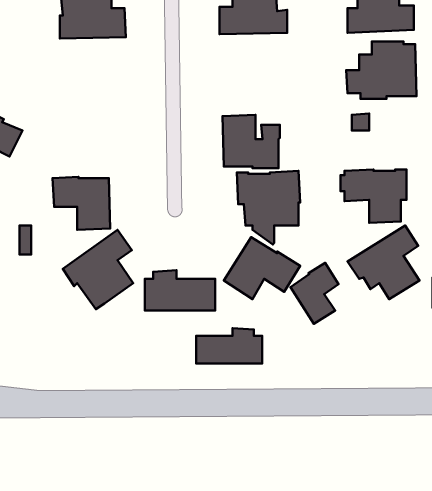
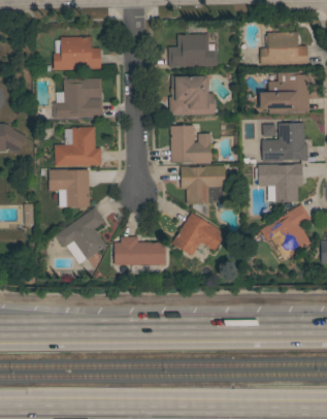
building: none -> [169,75,215,116]
building: none -> [53,78,103,119]
building: none -> [262,123,307,162]
building: none -> [55,127,101,166]
building: [290,263,338,324] -> none
building: [196,328,262,363] -> none

